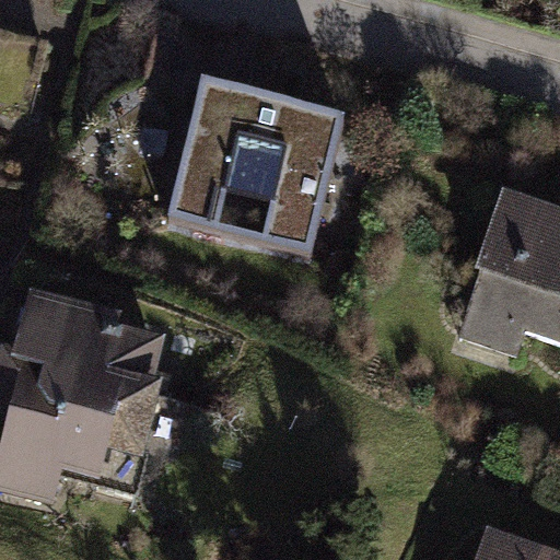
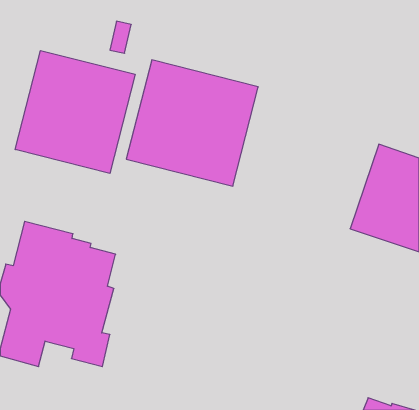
building: none -> [15,51,135,173]

